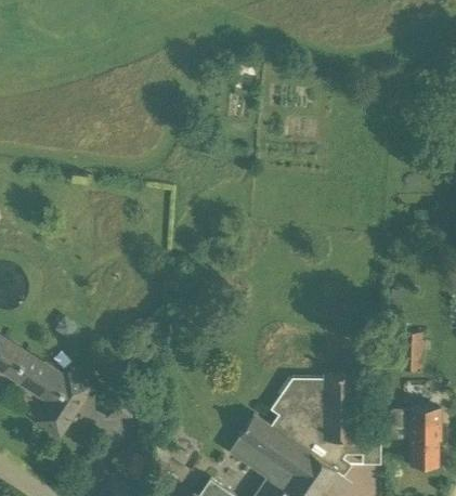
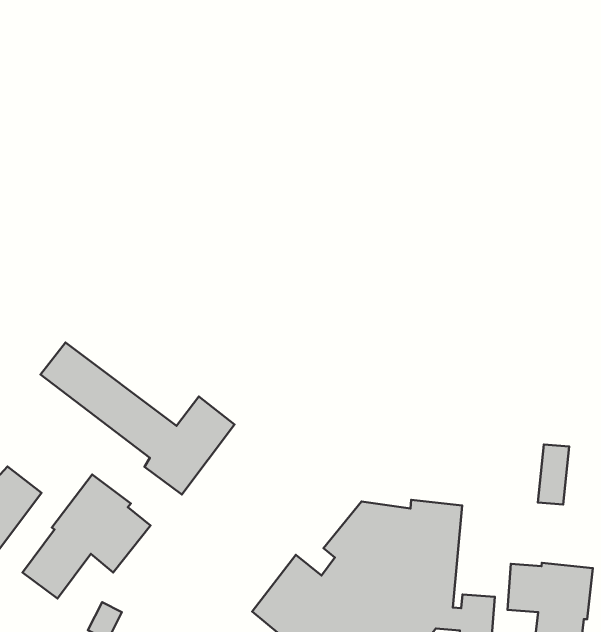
building: none -> [41,343,235,494]
building: none -> [23,474,150,598]

